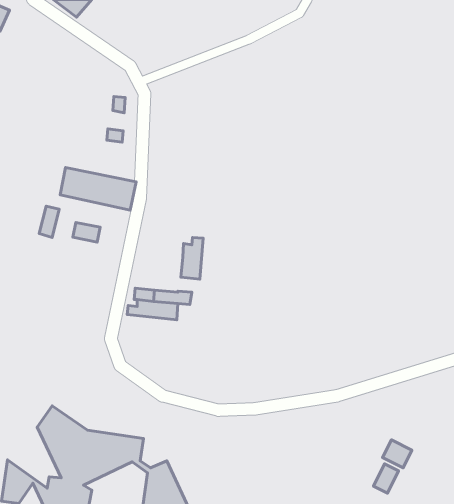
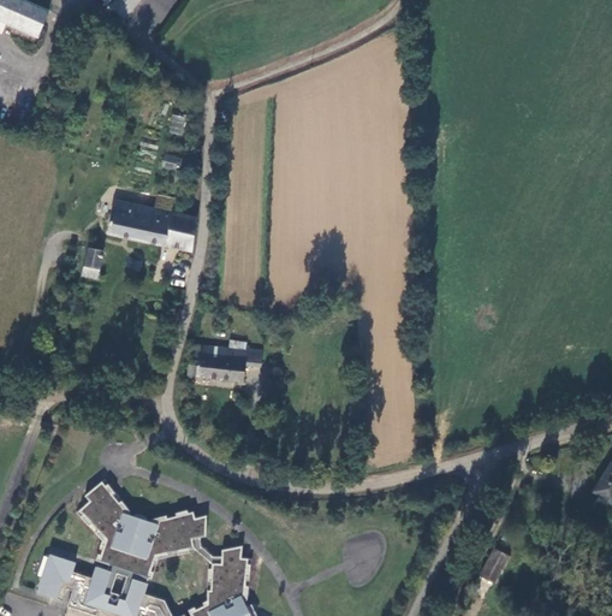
building: [73,222,100,242] -> none
building: [181,237,203,279] -> none
building: [383,440,412,468] -> none

